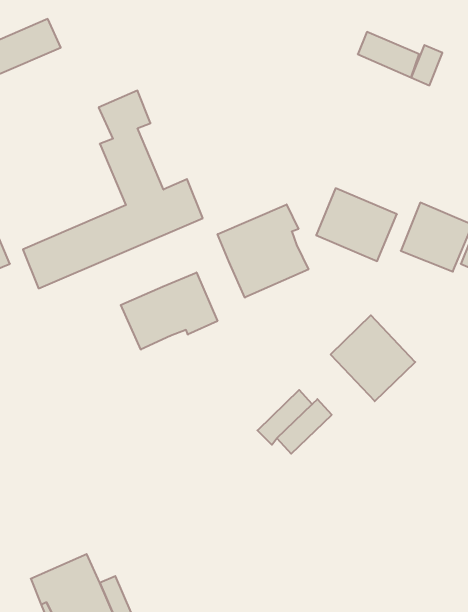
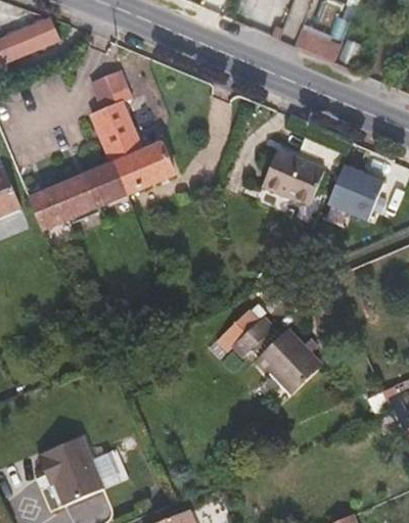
building: [218,204,308,298] -> none
building: [121,272,217,350] -> none
building: [331,315,415,401] -> [257,328,323,395]

